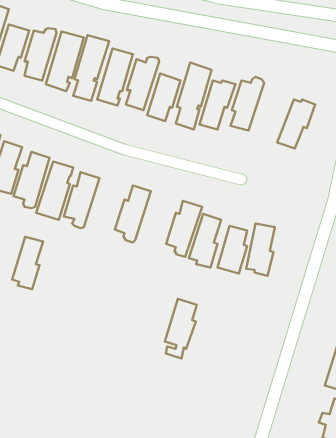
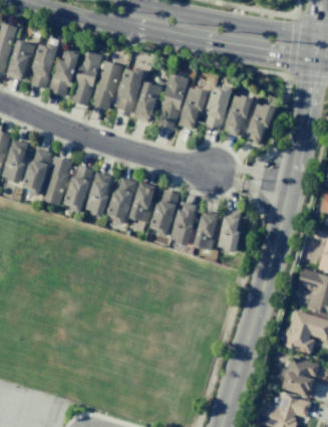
building: none -> [224,94,253,137]
building: [12,237,43,289] -> [86,172,112,216]
building: [165,299,197,358] -> [129,181,156,231]

